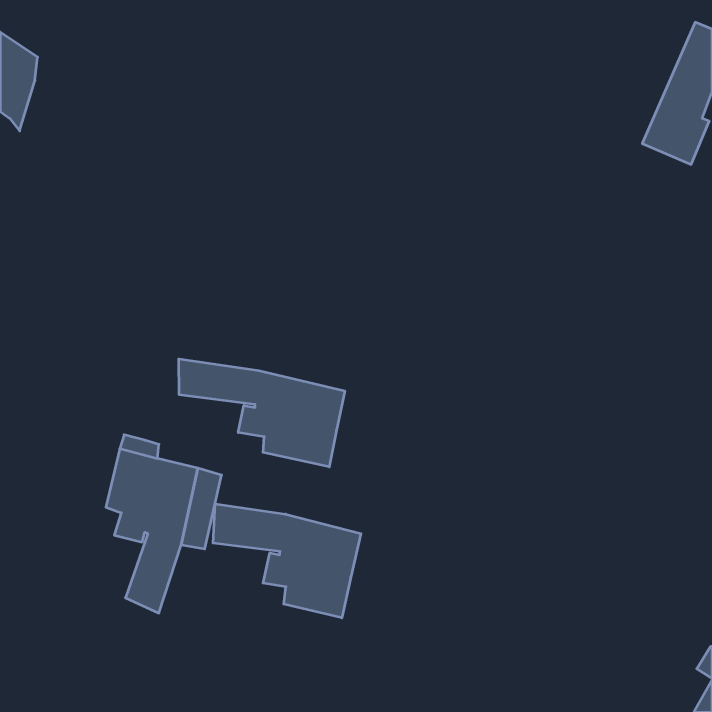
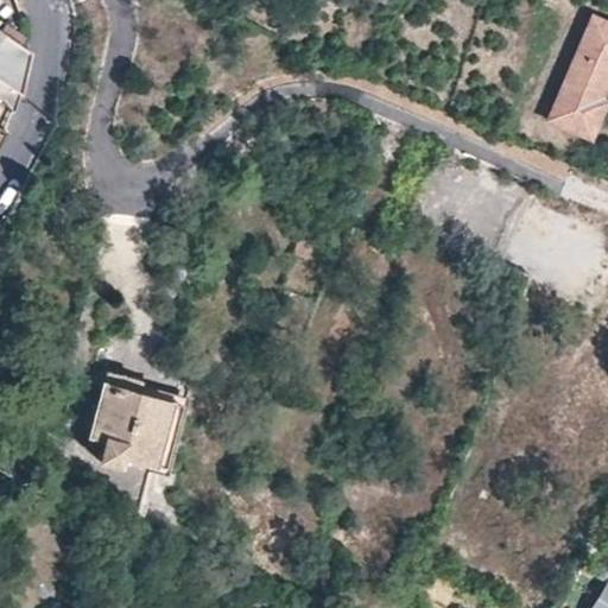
building: [179,359,345,467] -> none
building: [213,504,361,618] -> none

